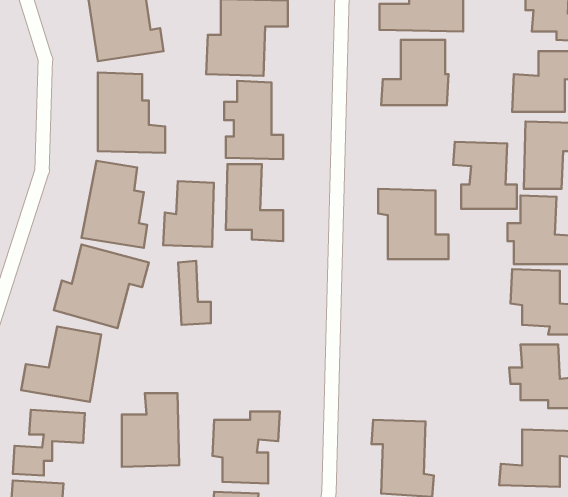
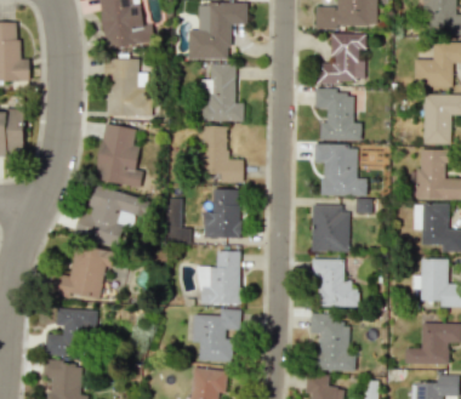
building: [453,142,517,209] -> [314,90,362,139]
building: [163,181,214,247] -> [203,188,240,236]
building: none -> [311,206,348,251]
building: none -> [312,258,355,306]
building: [122,393,179,467] -> [199,250,241,304]

